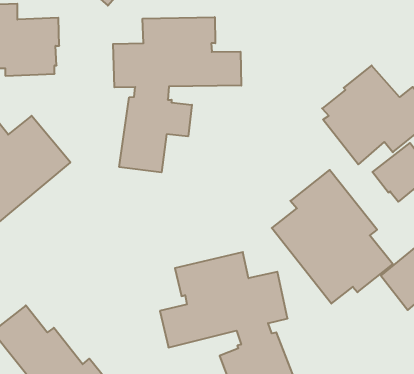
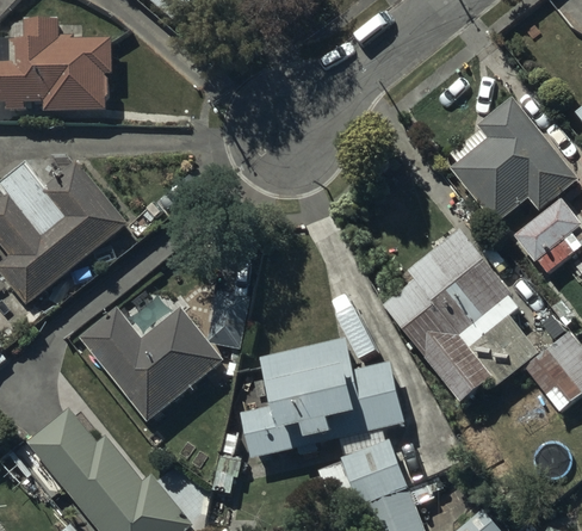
building: [113,17,241,172] -> none
building: none -> [78,289,250,422]

